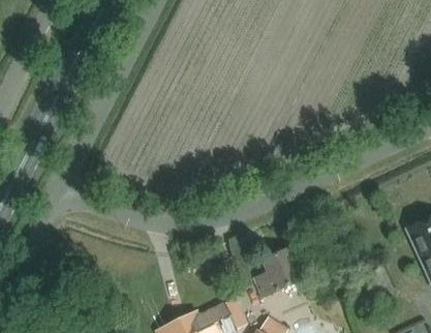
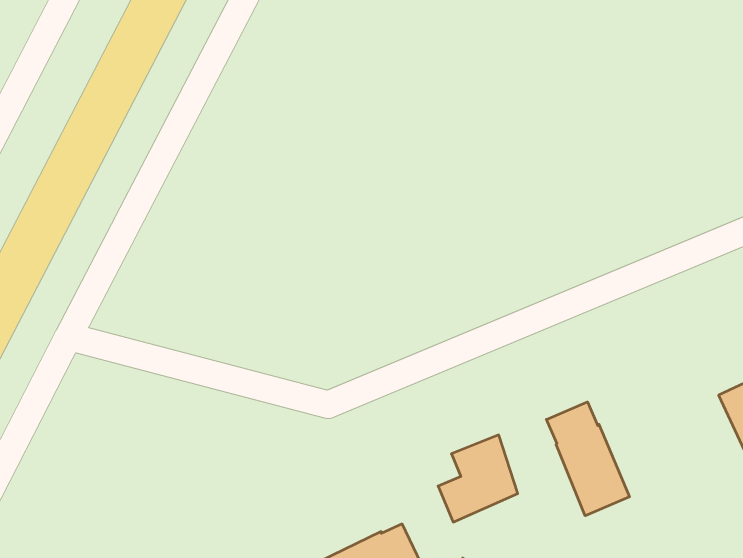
building: none -> [546,402,629,516]

